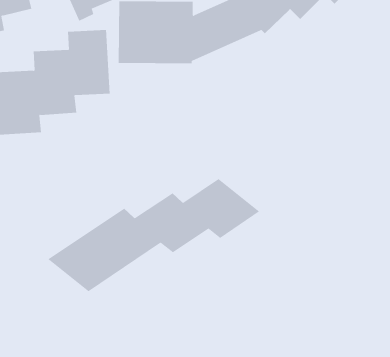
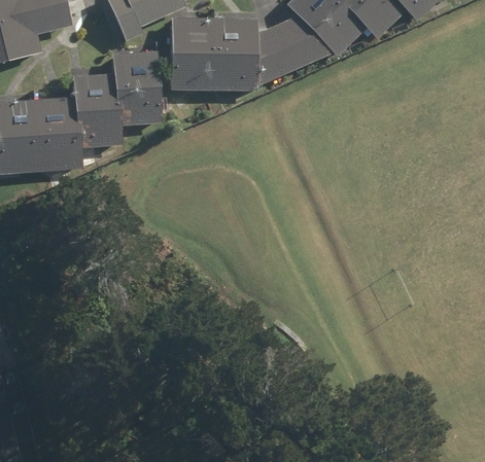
building: [47,178,260,292] -> none

